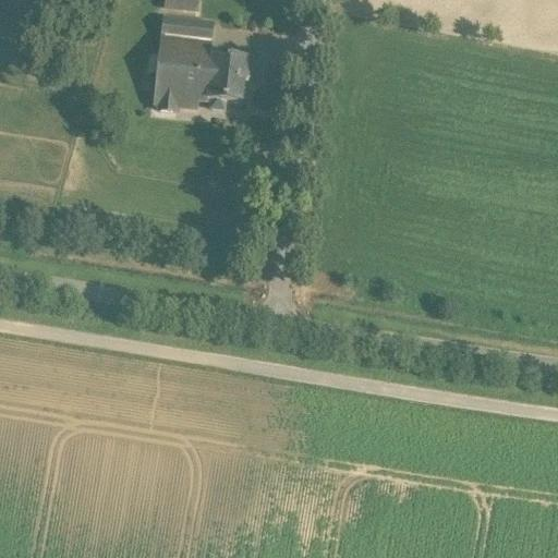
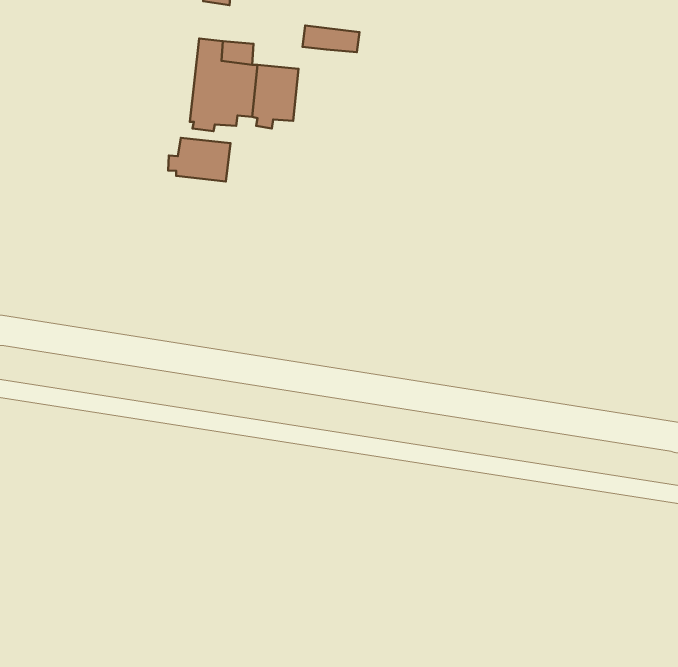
building: [163,14,210,36] -> [303,25,360,52]
building: none -> [168,138,230,181]

